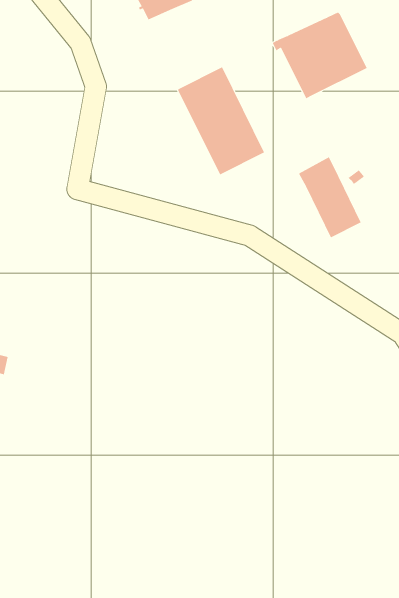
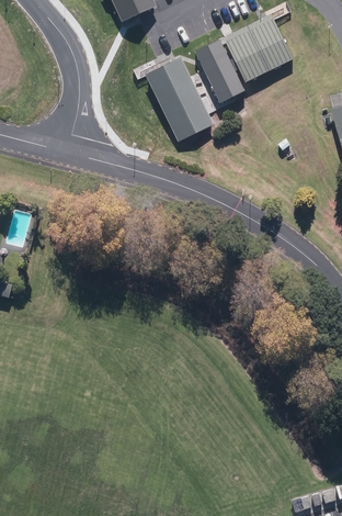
building: [298,156,362,238] -> [196,40,246,103]

